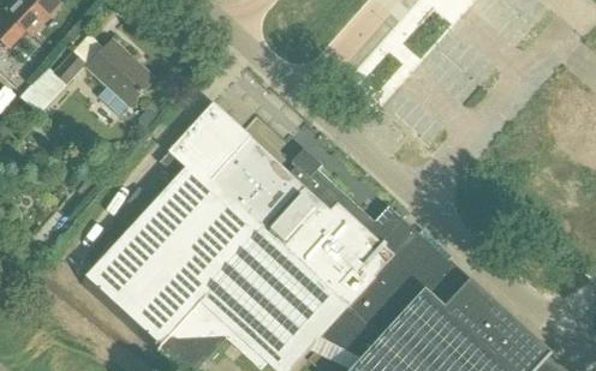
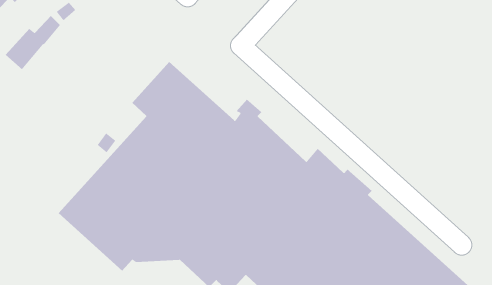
building: [87,38,154,113] -> none

